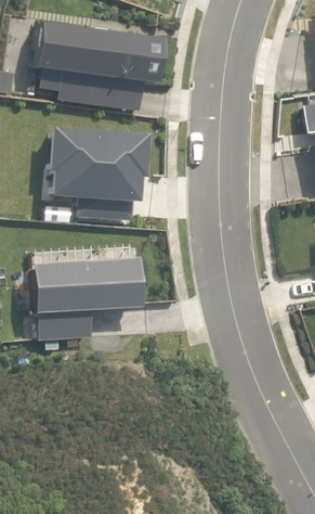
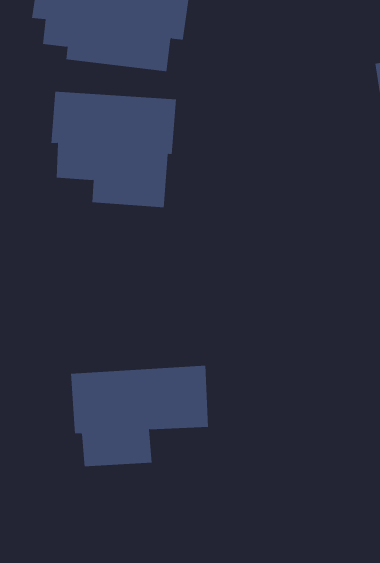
building: [32,258,142,338] -> [70,365,209,467]

